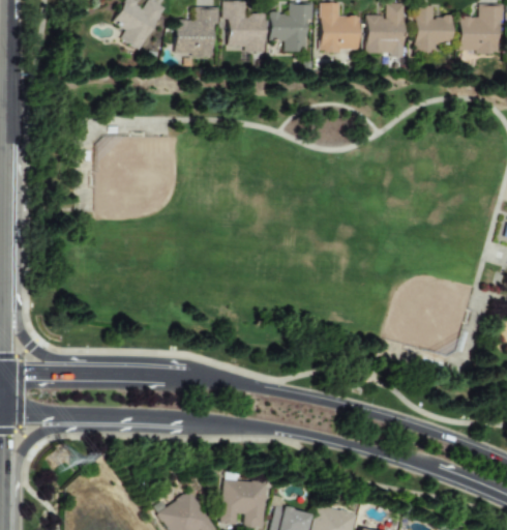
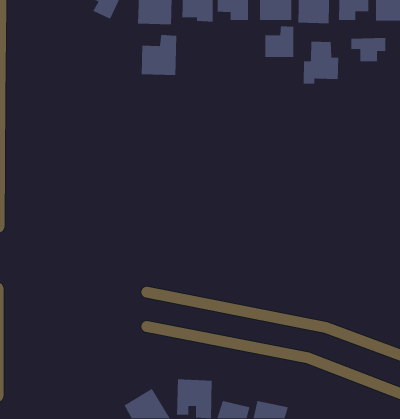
building: none -> [265,26,294,58]
building: none -> [141,34,177,76]
building: none -> [350,37,386,62]
building: none -> [303,41,339,84]

